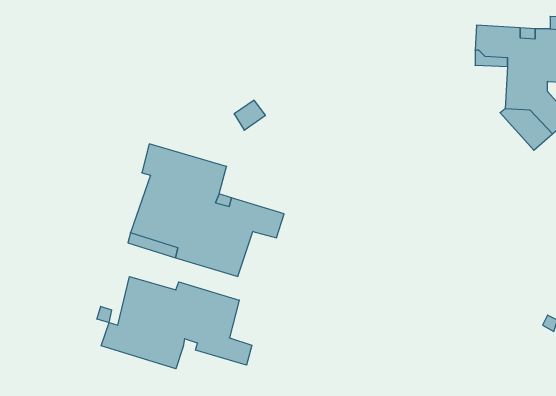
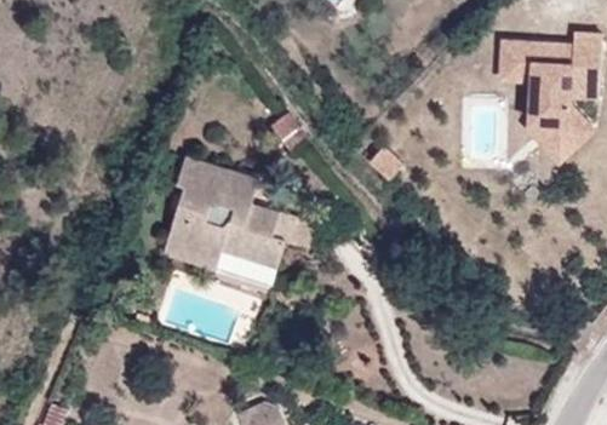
building: [101,277,252,369] -> none

